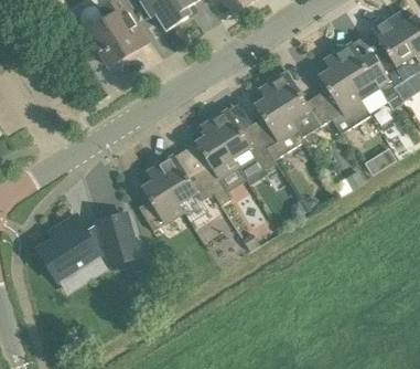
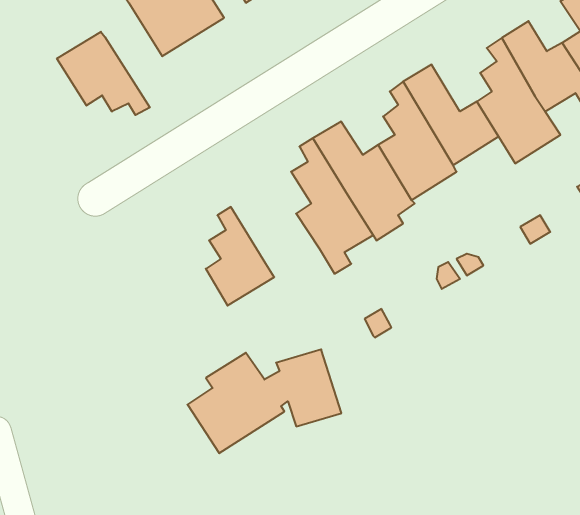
building: none -> [57,32,150,115]
building: [154,154,213,202] -> none
building: [39,212,140,281] -> [187,349,341,453]

